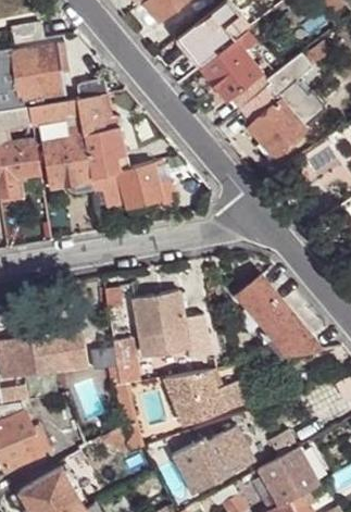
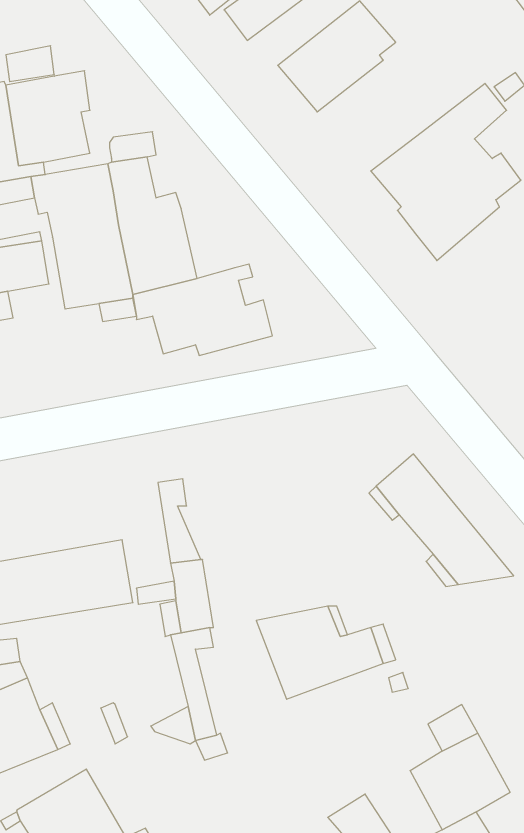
building: [202,37,266,104] -> none
building: [135,292,212,360] -> none
building: [172,428,250,492] -> none

